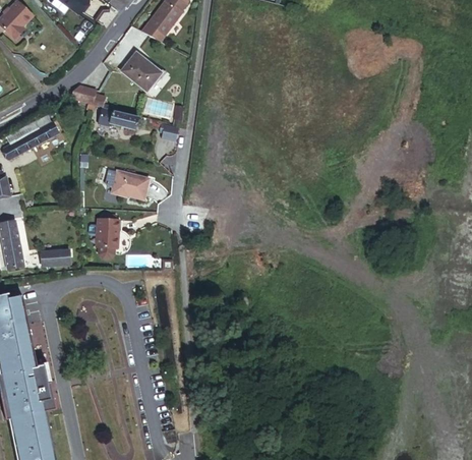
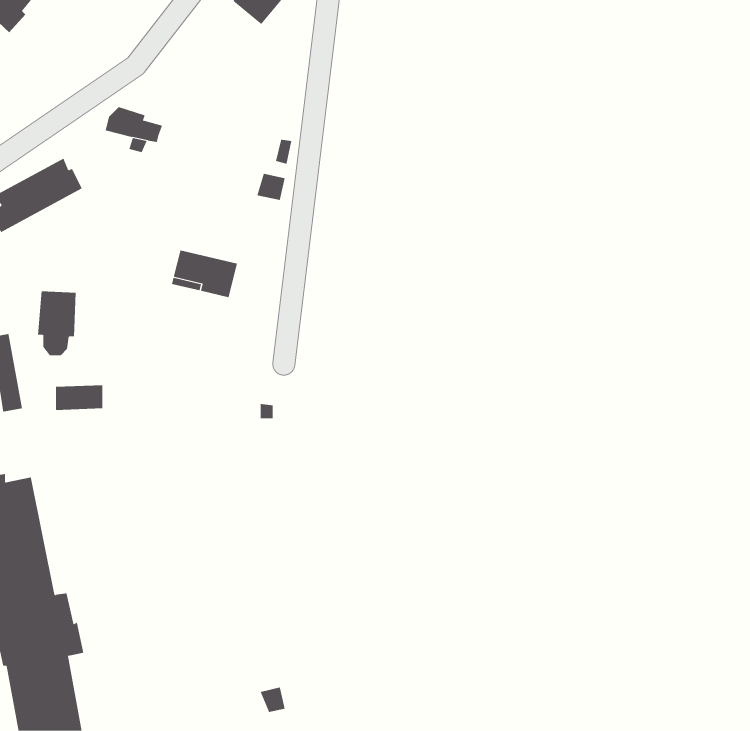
building: [119,53,159,91] -> none
building: [97,108,136,129] -> none
building: [95,219,118,257] -> [37,291,76,356]

